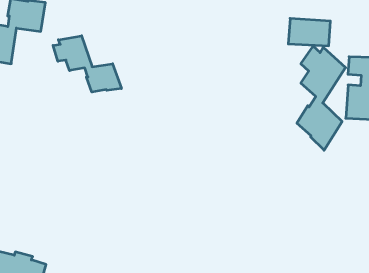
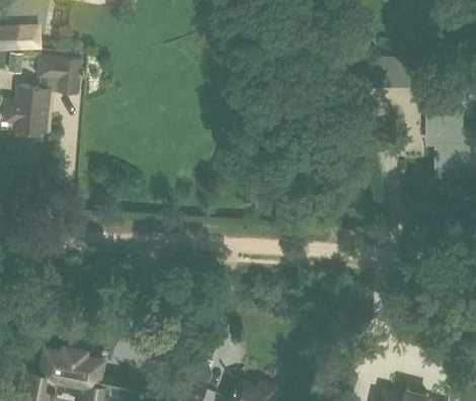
building: [53,36,121,92] -> none
building: [297,46,346,150] -> none

